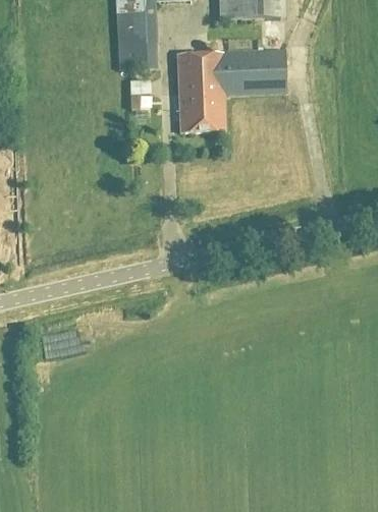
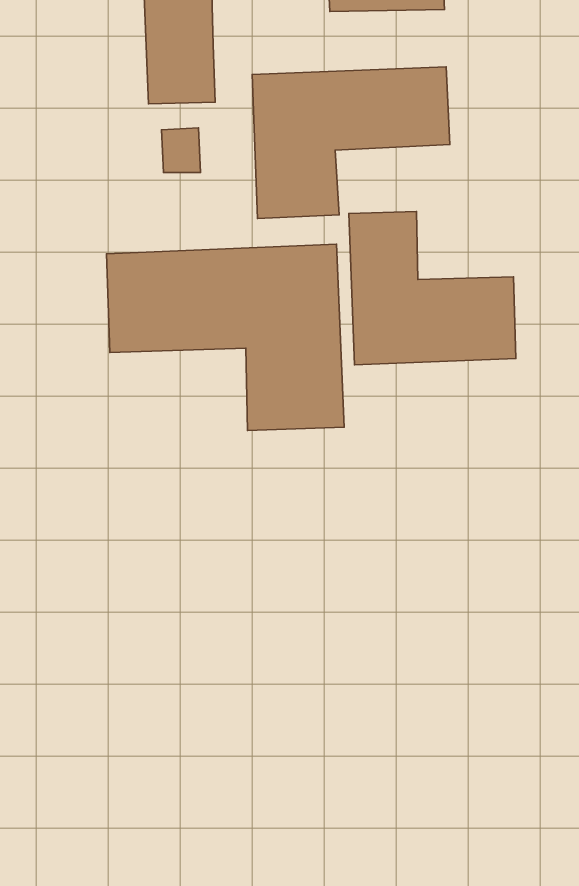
building: none -> [349,211,516,365]
building: none -> [106,244,344,430]

